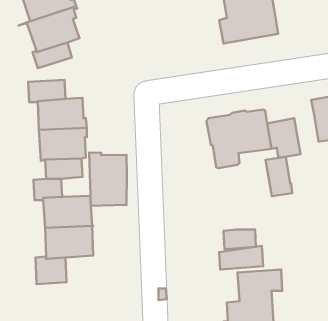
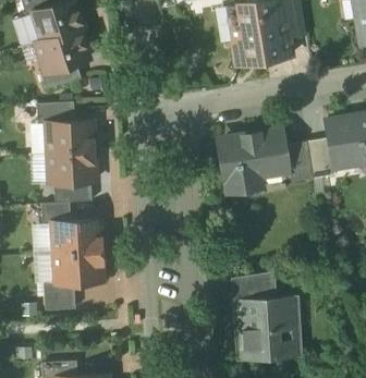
building: [89,153,127,206] -> none
building: [266,157,292,196] -> [308,137,335,178]
building: [223,230,256,249] -> none

